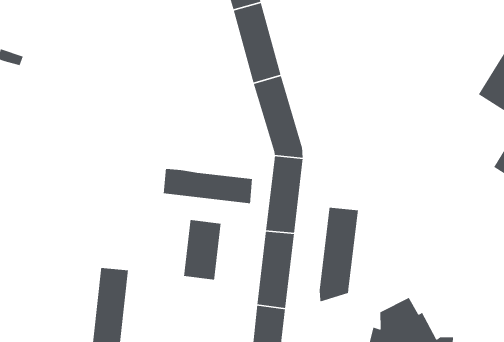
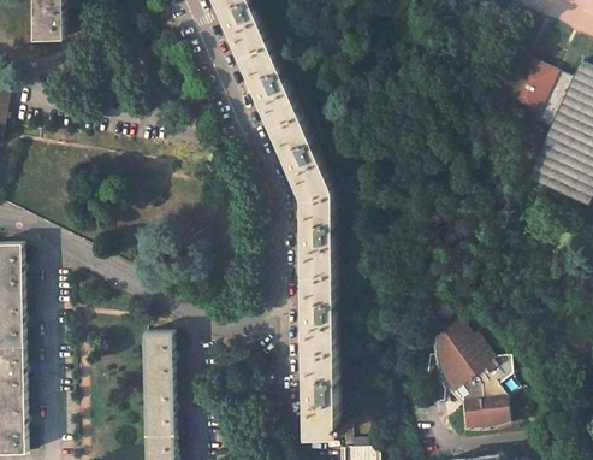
building: [163,168,253,204] -> none
building: [319,207,359,302] -> none
building: [183,219,221,281] -> none

